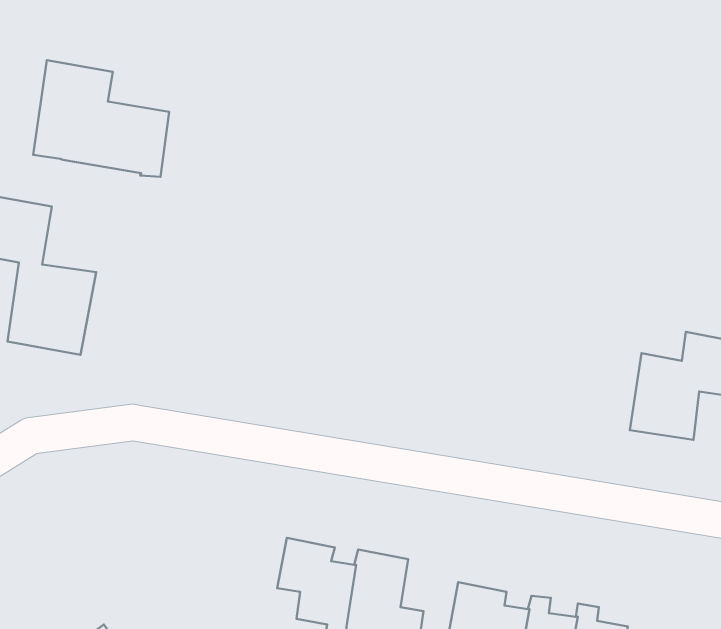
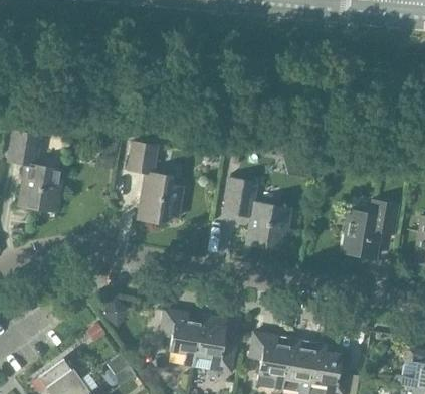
building: [33,60,169,177] -> none
building: none -> [126,142,182,223]
building: none -> [222,179,289,247]

